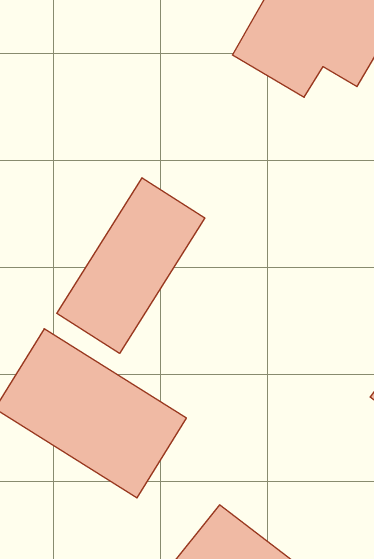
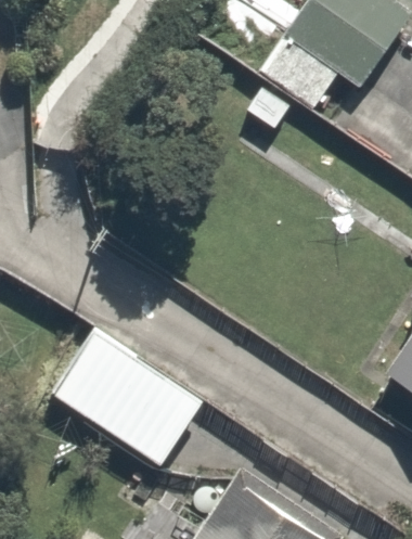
building: [57,178,205,353] -> none

